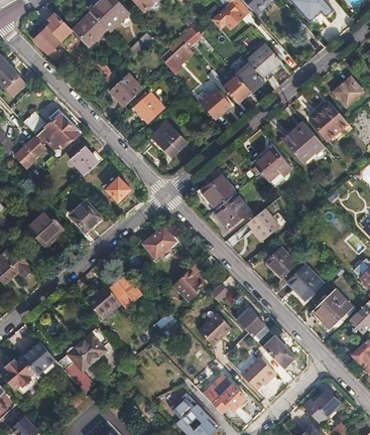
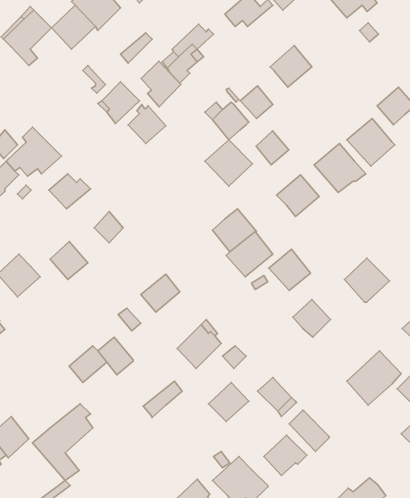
building: none -> [141,61,181,107]
building: [237,63,263,91] -> [256,131,289,165]
building: [147,122,186,159] -> [205,140,253,186]
building: [286,264,323,299] -> [344,258,390,302]

